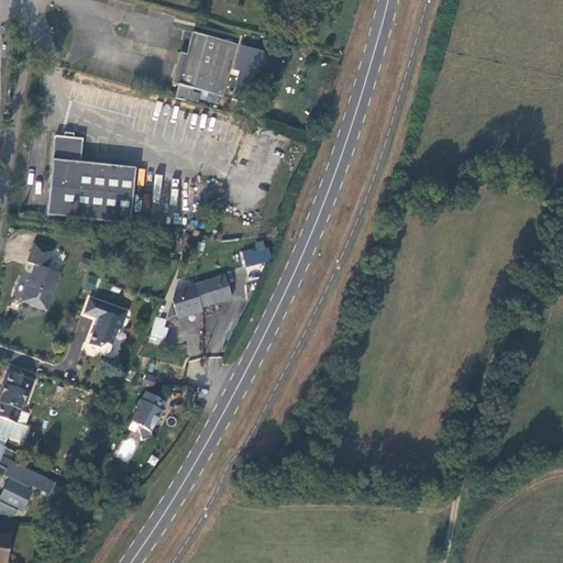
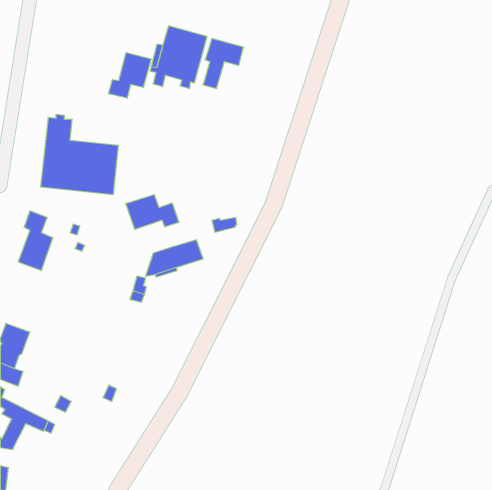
building: none -> [108,52,151,98]
building: none -> [126,194,179,229]
building: [85,297,128,346] -> none
building: [132,389,166,438] -> none

